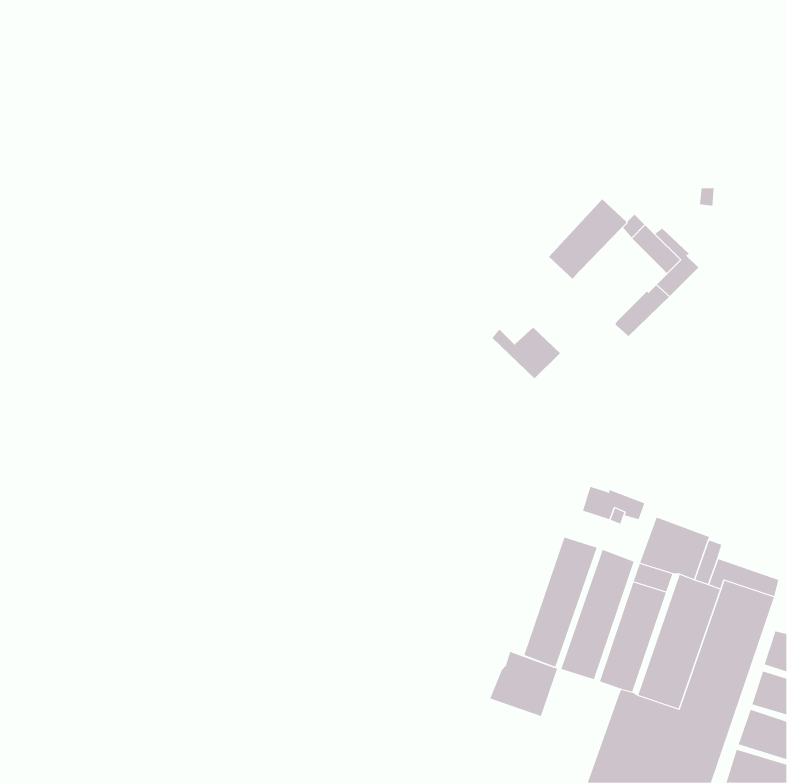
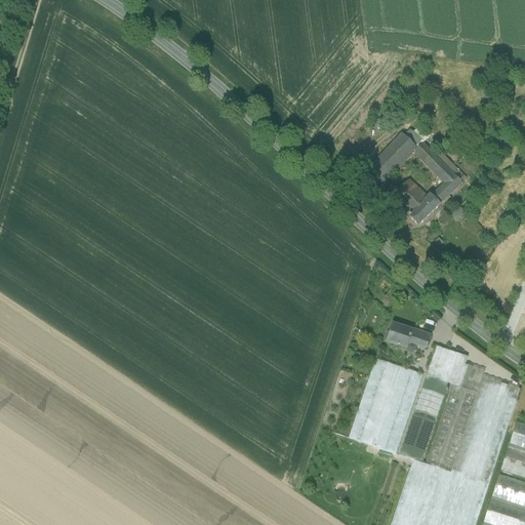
building: [491,327,561,379] -> [381,179,428,214]
building: [490,651,558,717] -> none

